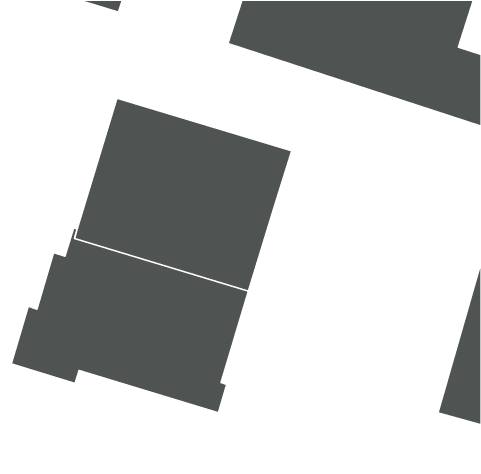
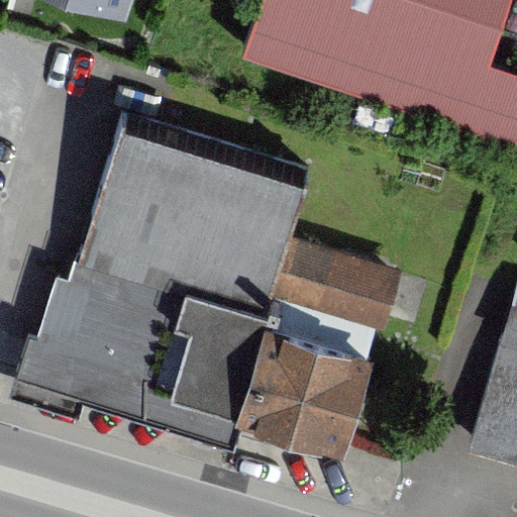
building: none -> [274,237,404,331]
building: none -> [237,320,376,450]

